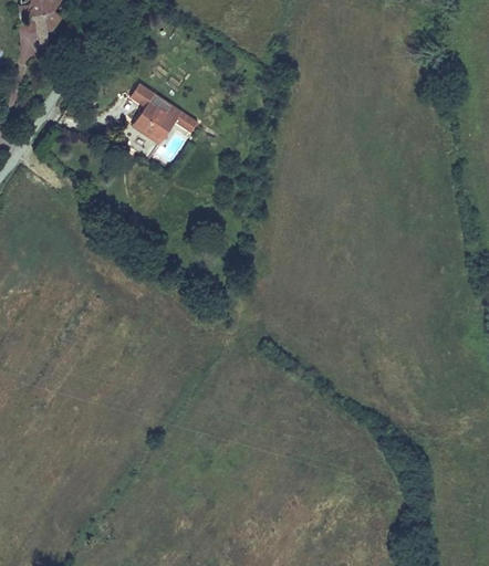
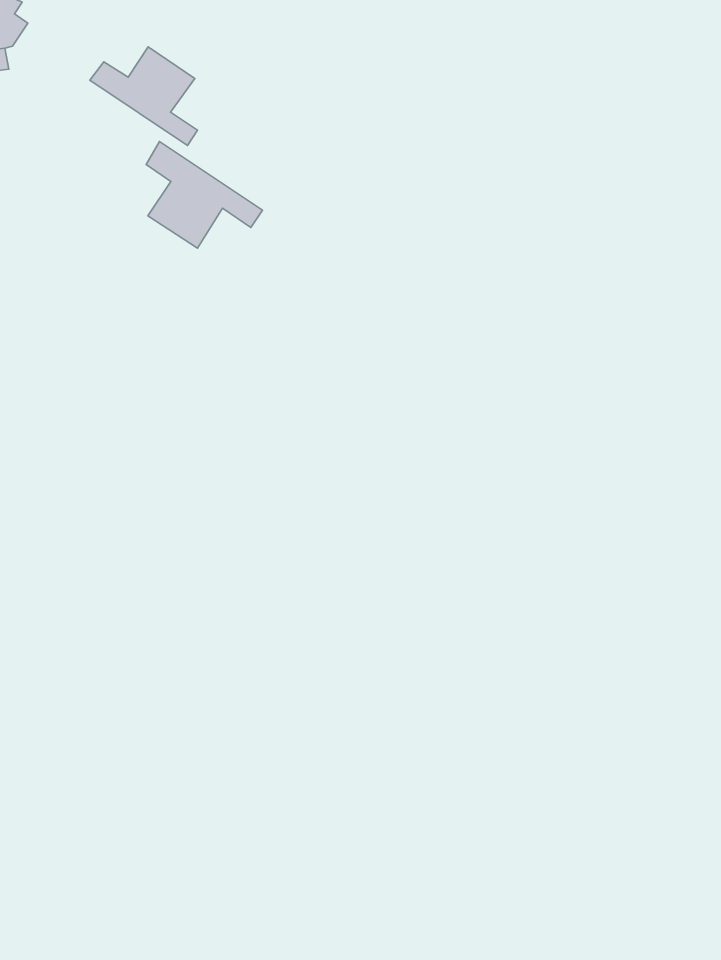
building: none -> [90,47,198,145]

